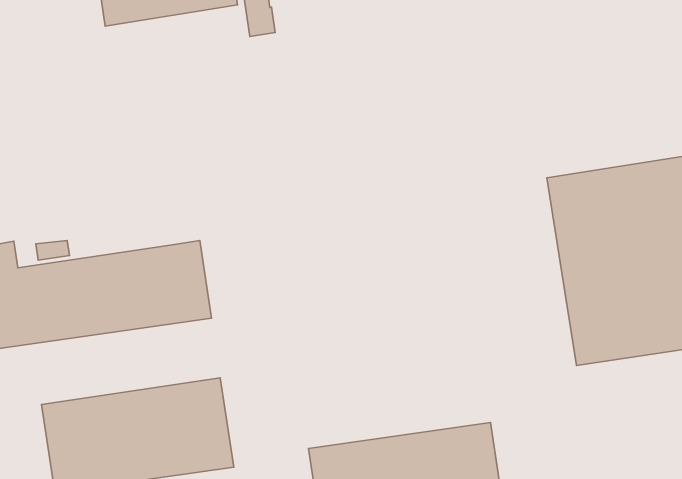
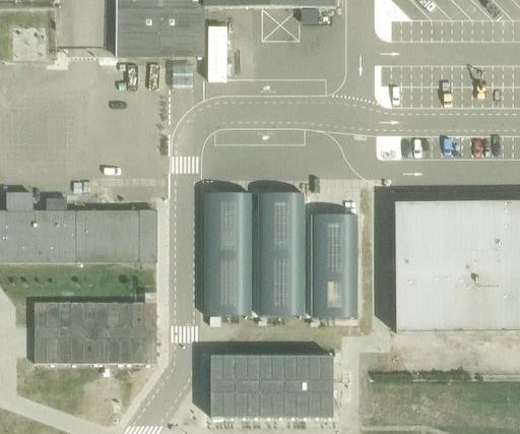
building: none -> [258,192,305,315]
building: none -> [205,192,251,315]
building: none -> [312,212,358,316]

